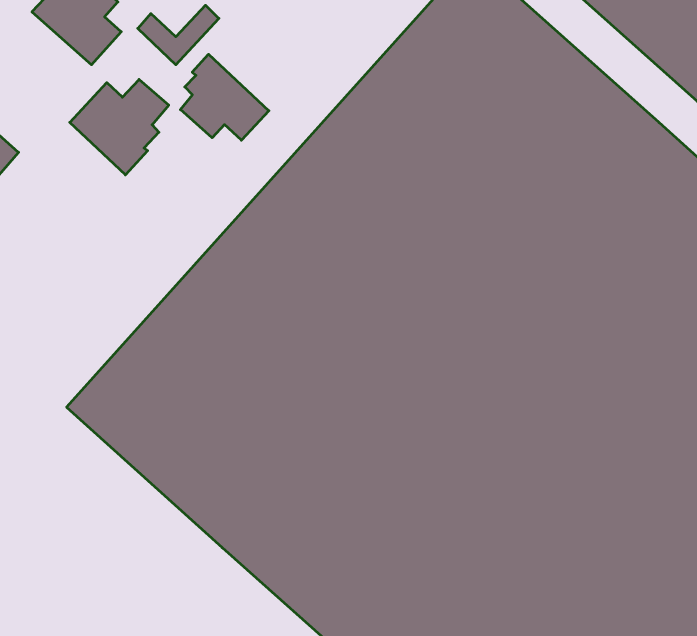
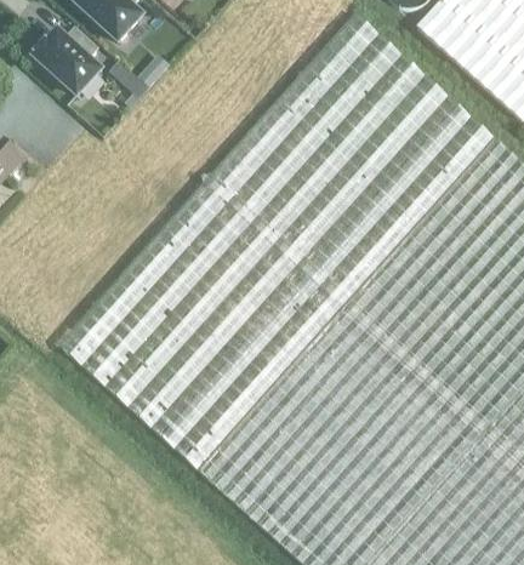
building: [180,54,269,140] -> none
building: [70,79,169,175] -> none

